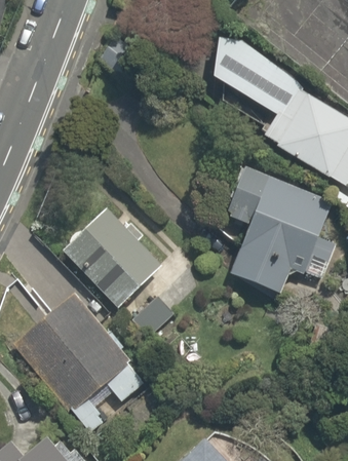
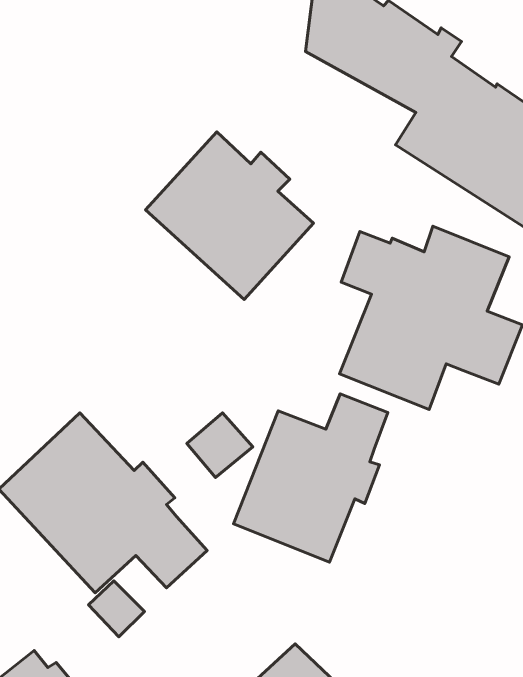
building: [61,206,162,308] -> [146,132,314,300]
building: none -> [233,394,388,562]

